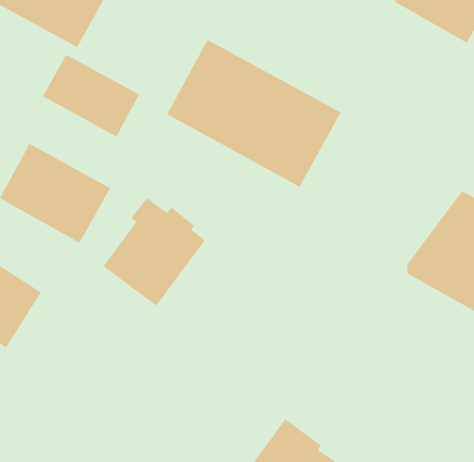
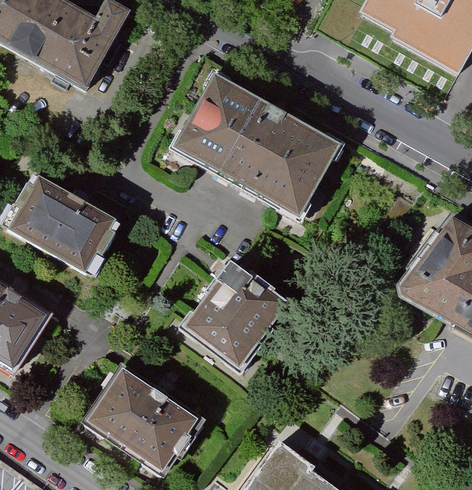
building: [42,54,140,138] -> none
building: [103,197,206,306] -> [190,265,288,369]
building: none -> [92,366,201,466]

